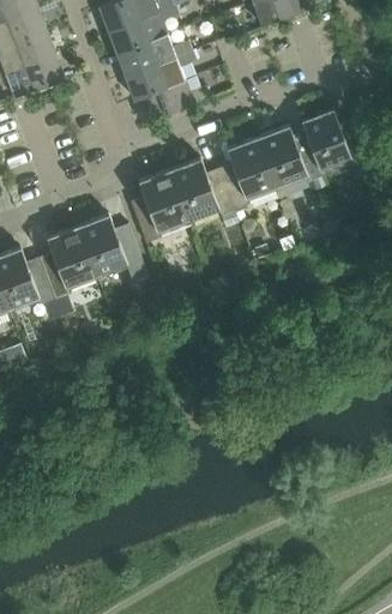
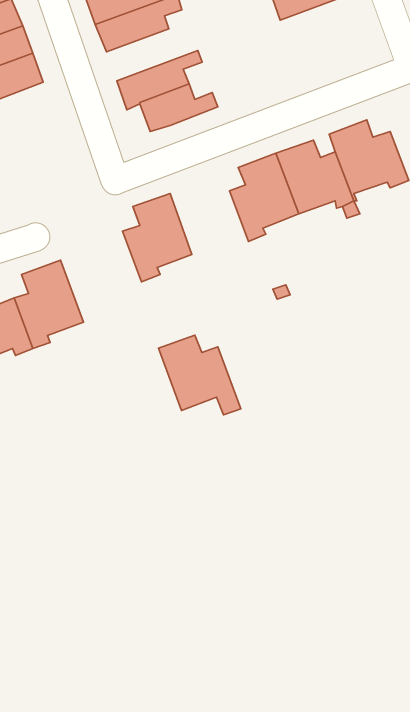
building: [116,34,192,77] -> none
building: [169,158,234,221] -> none
building: [78,215,146,281] -> [159,335,241,415]

